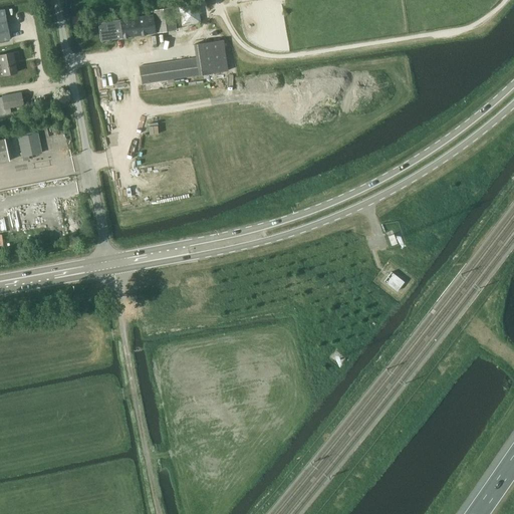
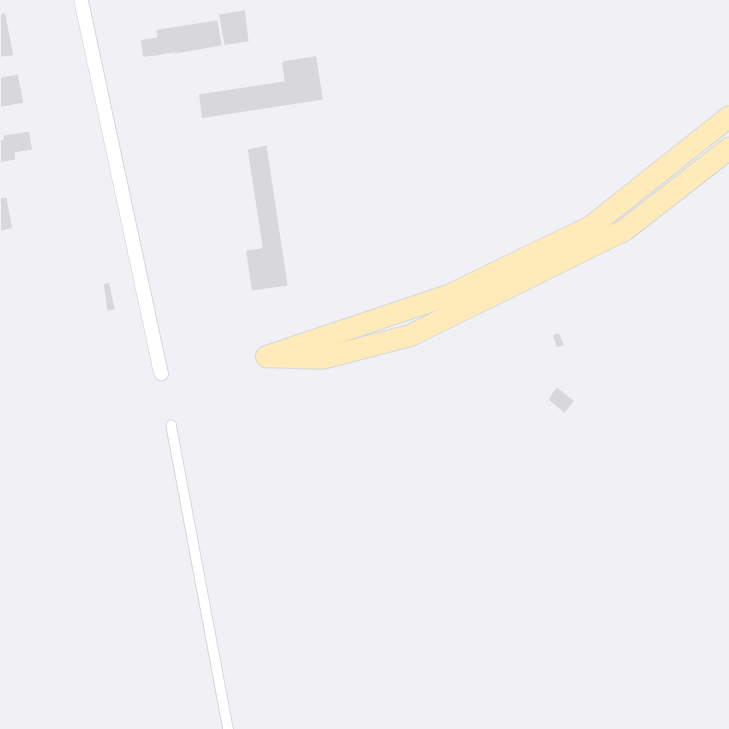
building: none -> [246,145,288,291]
building: [17,130,42,161] -> none

